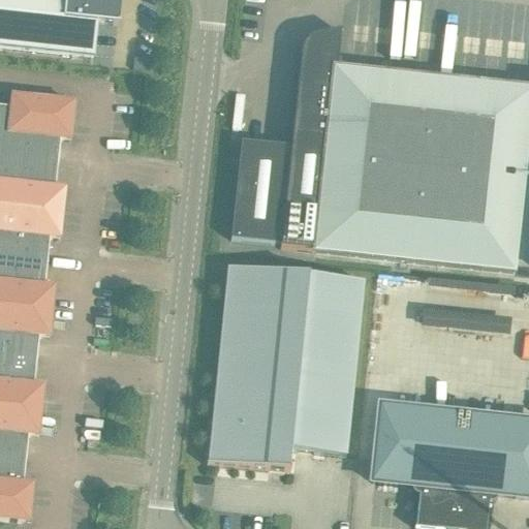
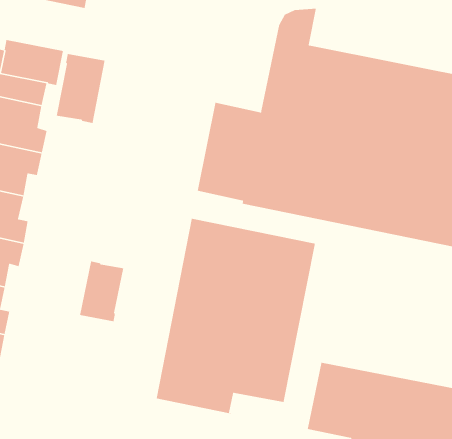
building: none -> [56,53,106,124]
building: none -> [79,261,124,322]

